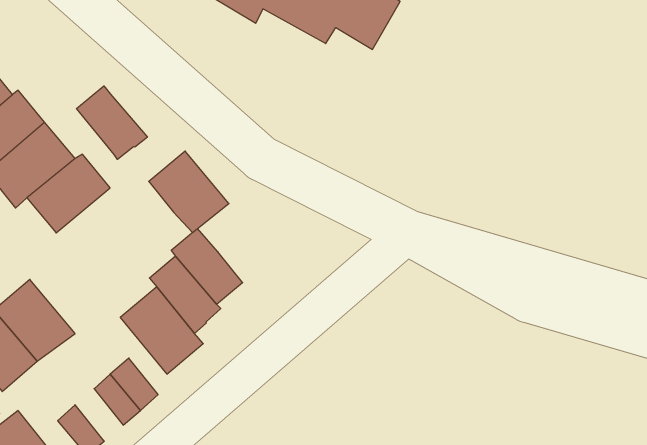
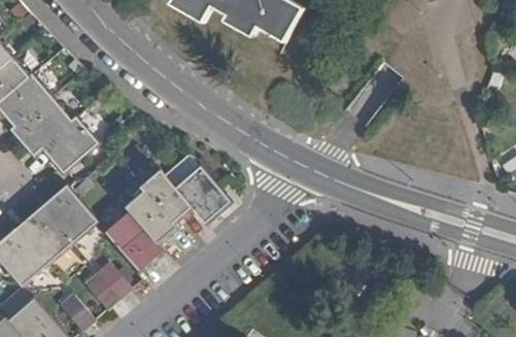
building: [77,86,147,159] -> none
building: [149,151,229,233] -> [175,162,232,220]
building: none -> [42,182,98,241]

